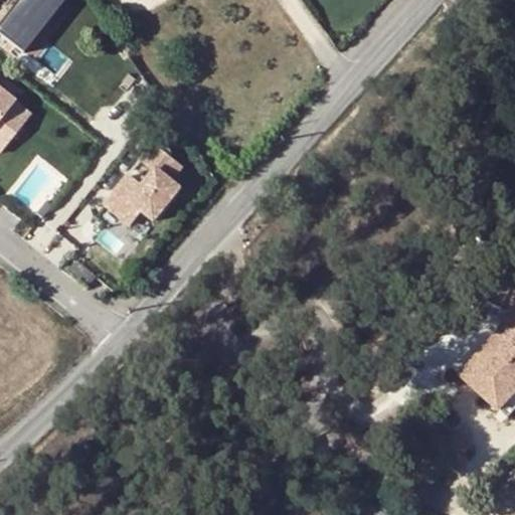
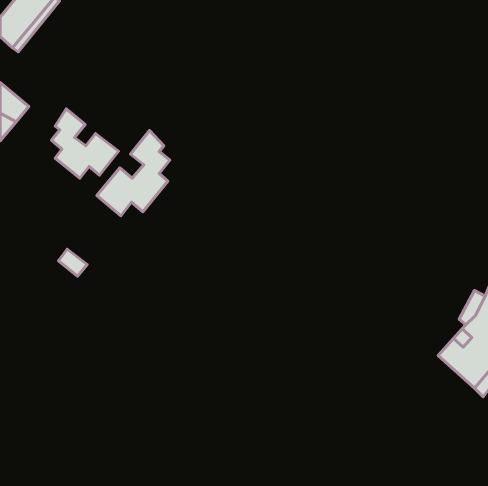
building: none -> [51,109,118,178]

